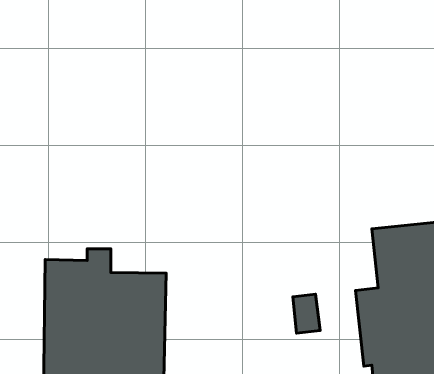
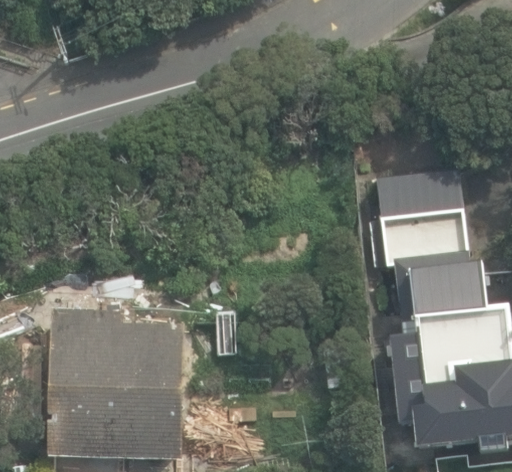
building: none -> [374,168,469,265]

